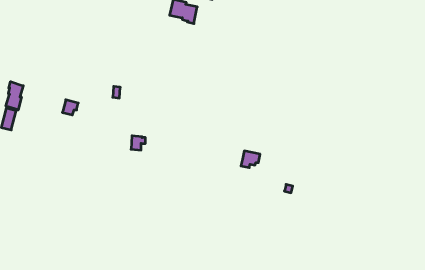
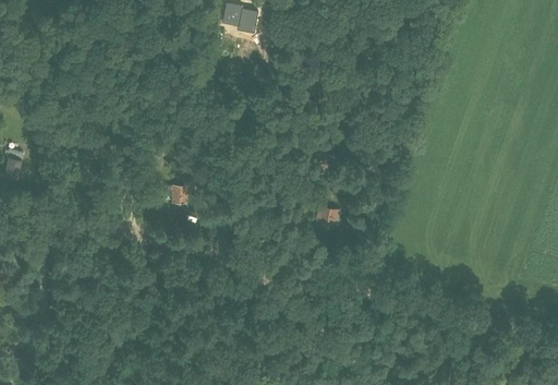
building: [6,82,23,110] -> none

